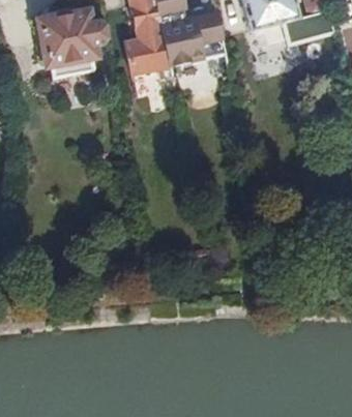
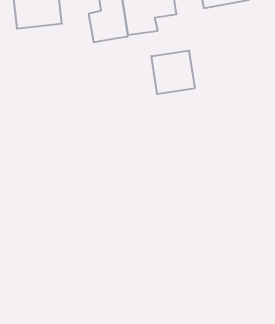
building: none -> [151,50,195,94]

